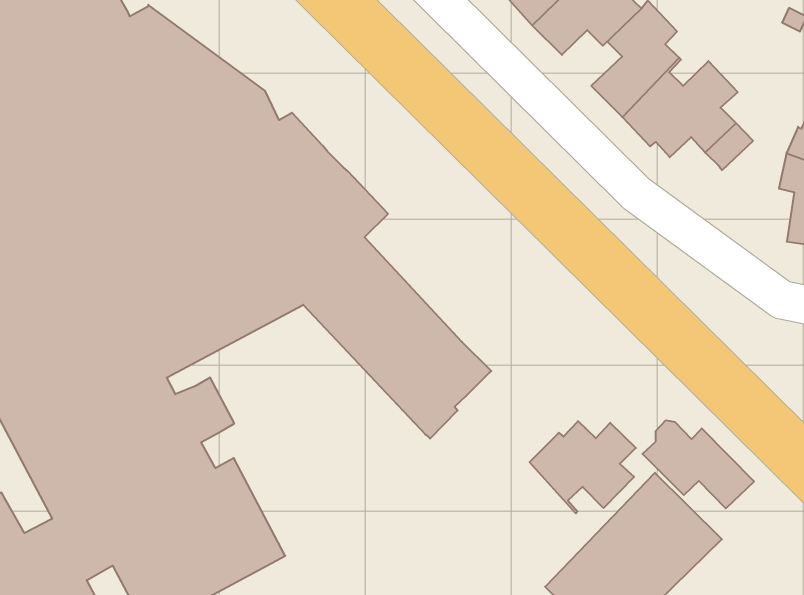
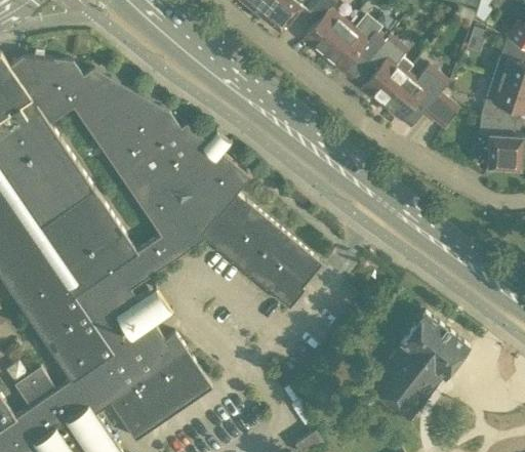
building: [642,420,754,508] -> none
building: [530,421,636,513] -> none

